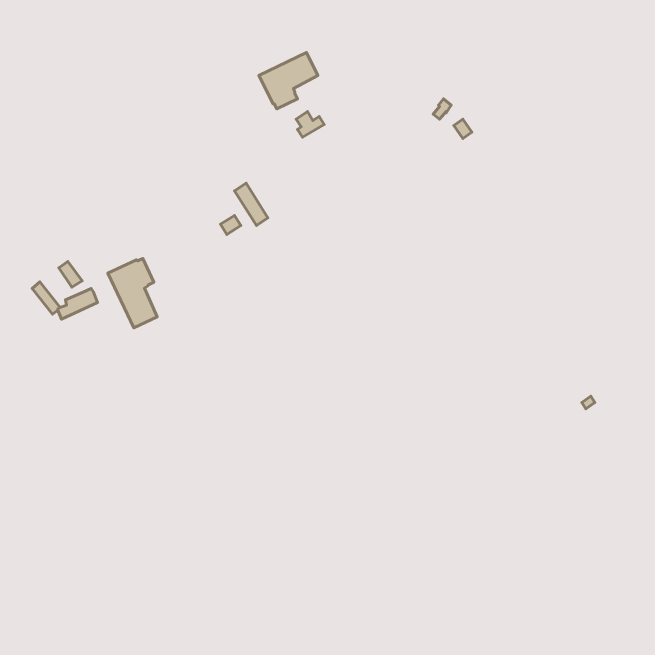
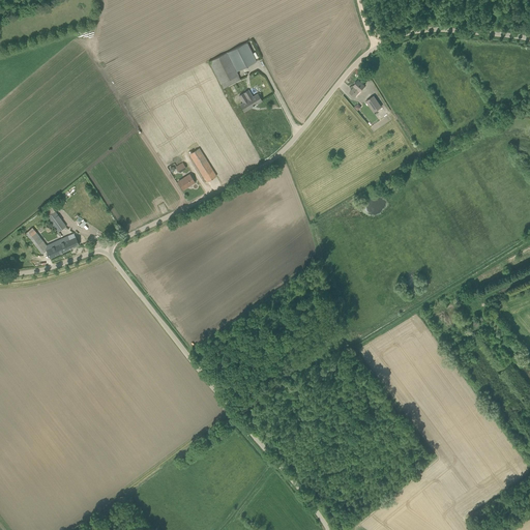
building: [108,258,157,328] -> none

